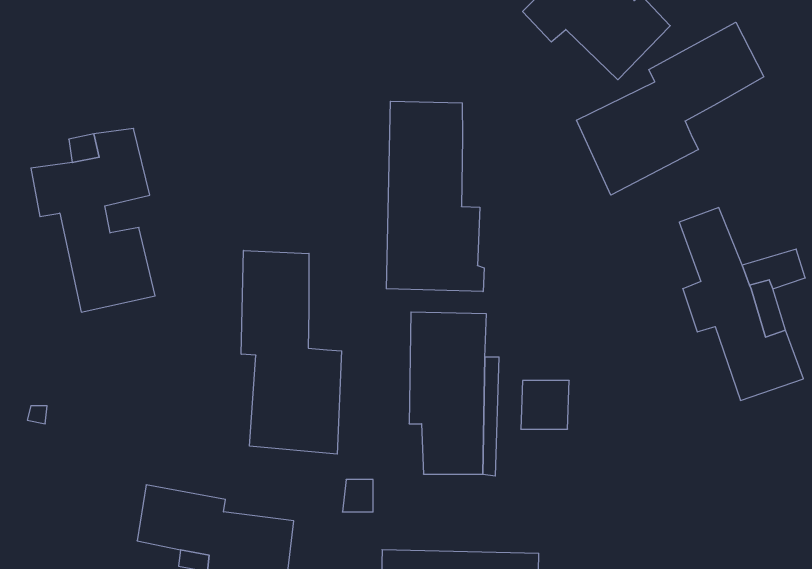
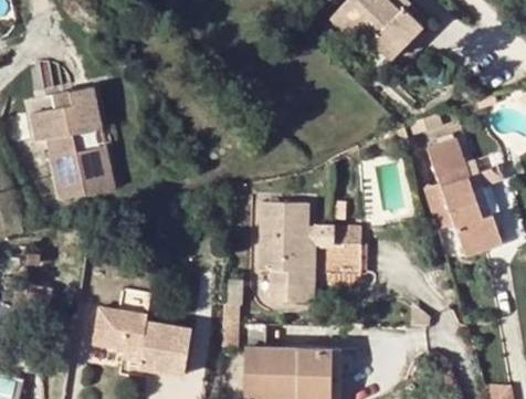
building: [577,22,764,195] -> none
building: [386,101,484,292] -> none
building: [241,250,342,454] -> none

